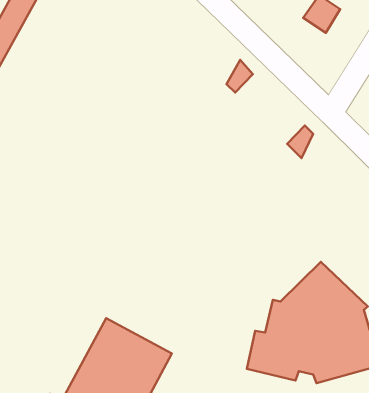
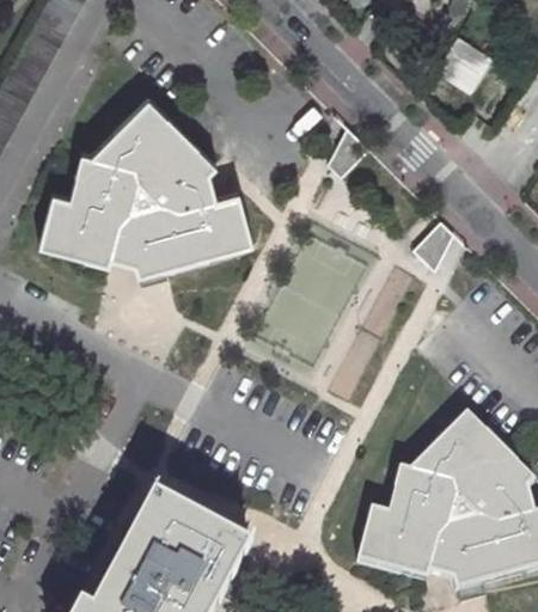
building: none -> [41,94,251,271]

